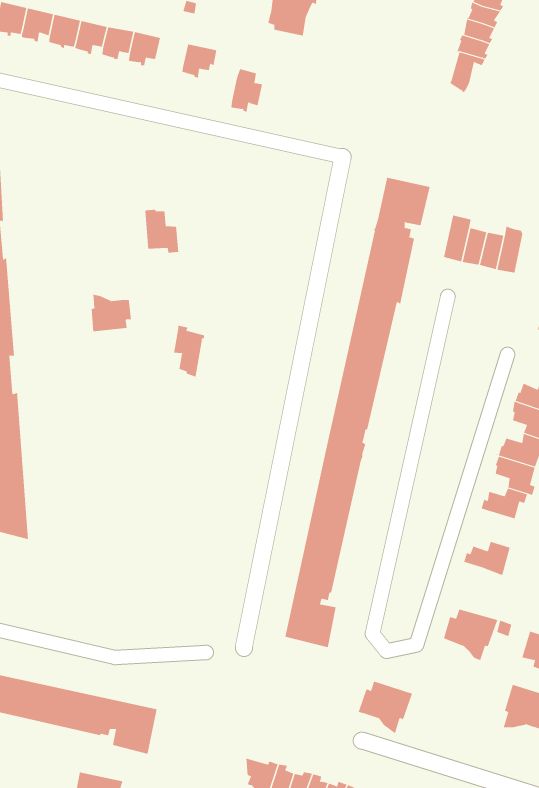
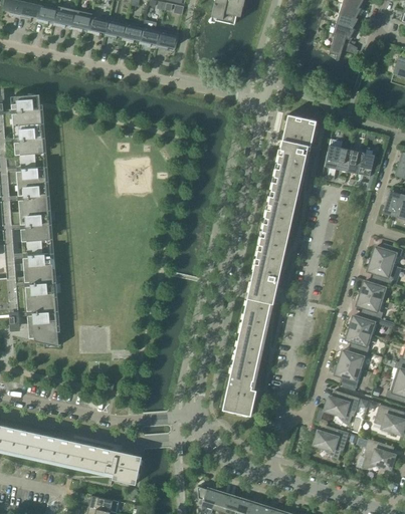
building: [230,69,263,113] -> [140,20,161,48]
building: [145,207,179,254] -> none
building: [91,294,132,332] -> none
building: [174,325,205,379] -> none
building: none -> [347,327,371,352]
building: none -> [336,361,363,388]
building: [358,681,413,734] -> [314,426,349,460]

